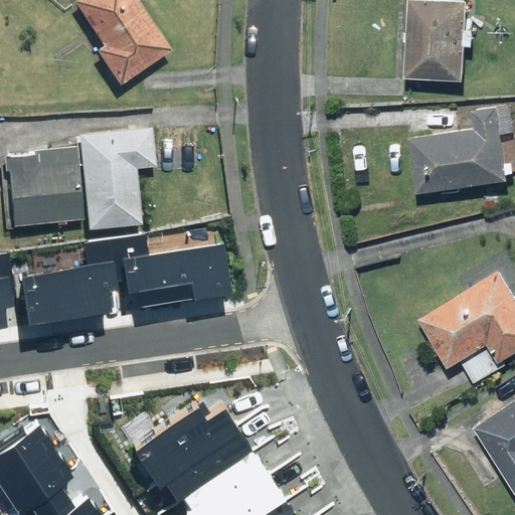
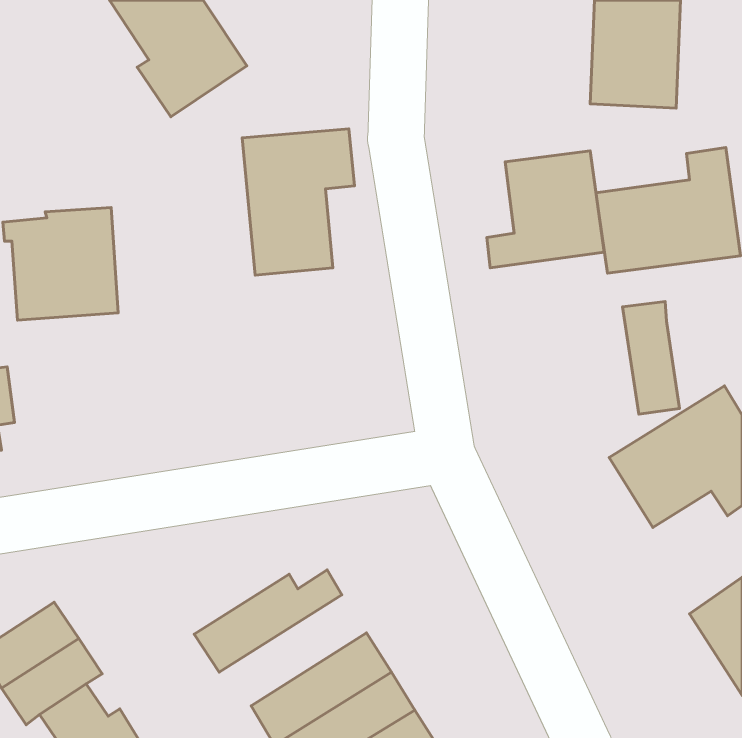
building: none -> [487,151,604,268]
building: [77,130,155,230] -> [242,129,355,275]
building: none -> [623,301,680,414]
building: [118,234,227,299] -> none
building: [18,240,115,314] -> none
building: [151,415,252,495] -> none

